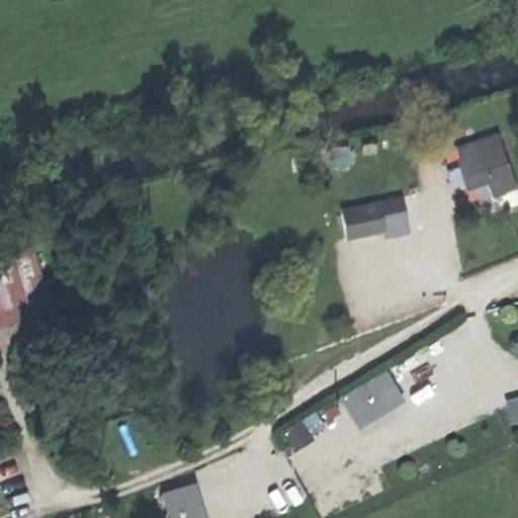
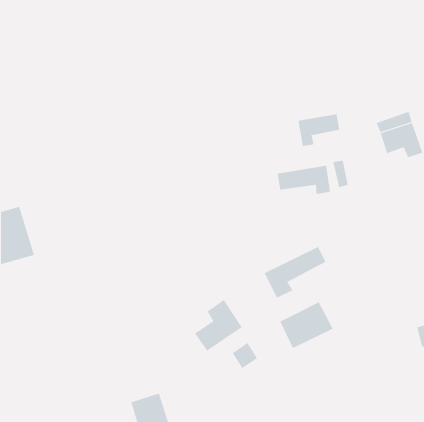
building: none -> [298,113,340,147]
building: none -> [264,246,326,299]
building: none -> [194,299,242,352]

